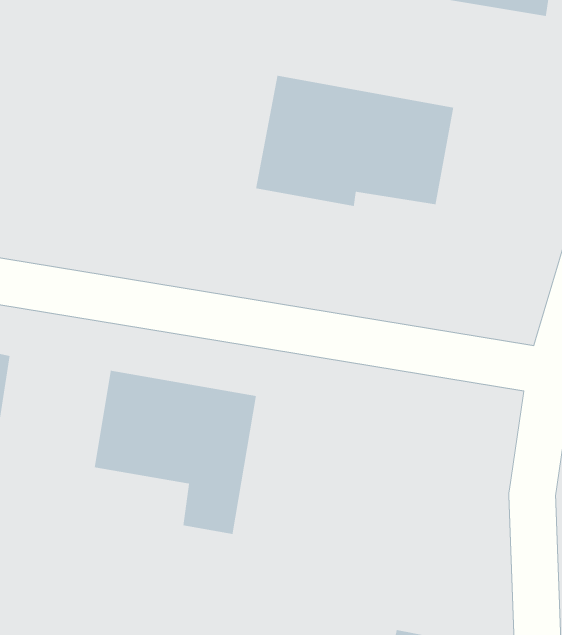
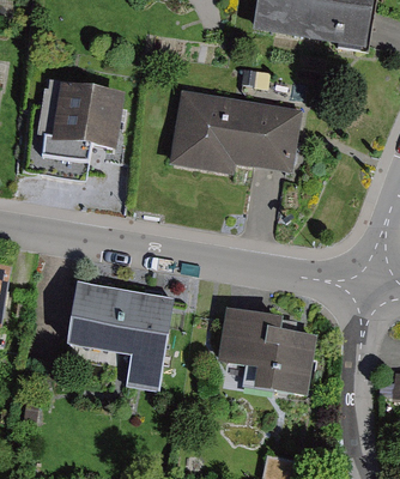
building: none -> [51,84,127,151]
building: none -> [220,310,320,400]

